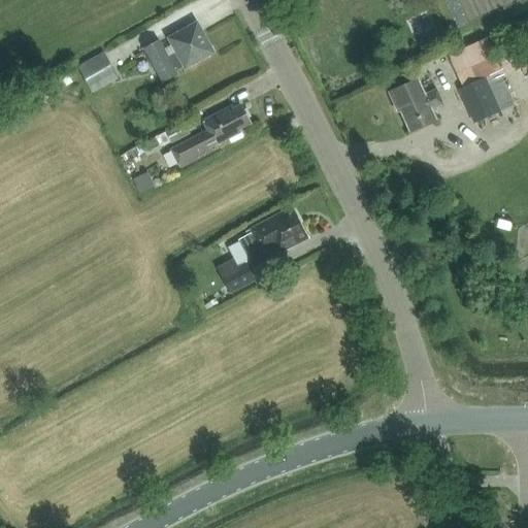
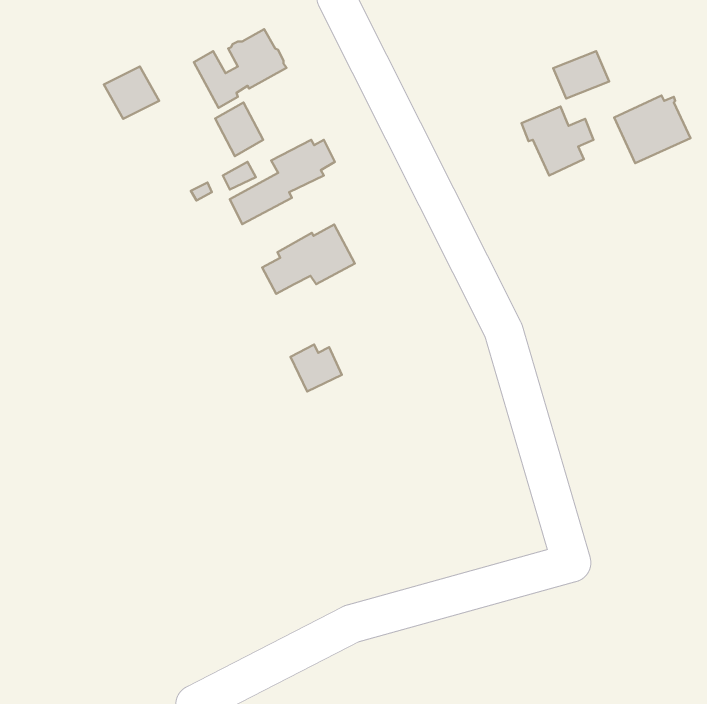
building: none -> [553,51,609,98]
building: none -> [215,102,263,156]
building: [239,206,308,258] -> [262,225,355,294]

